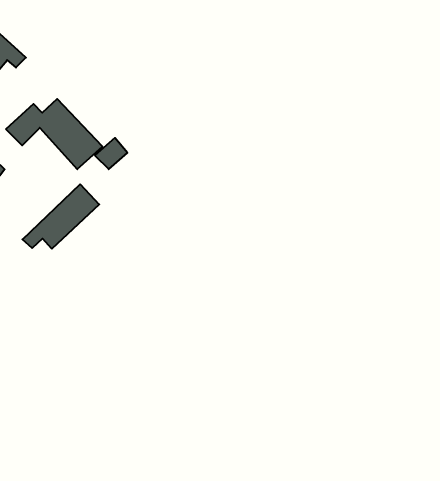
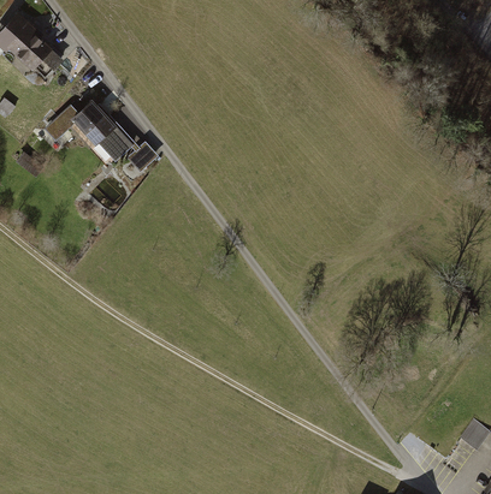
building: [22,184,99,249] -> none

